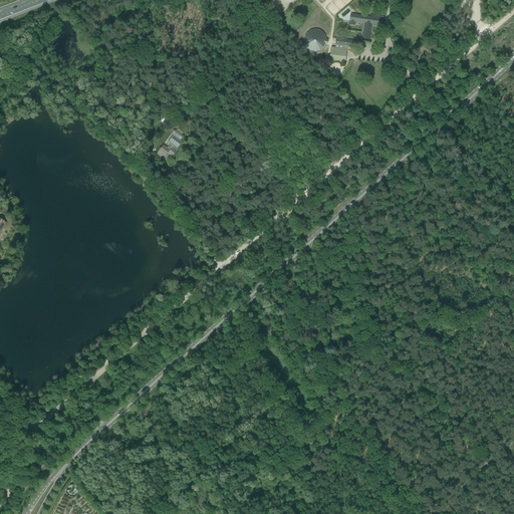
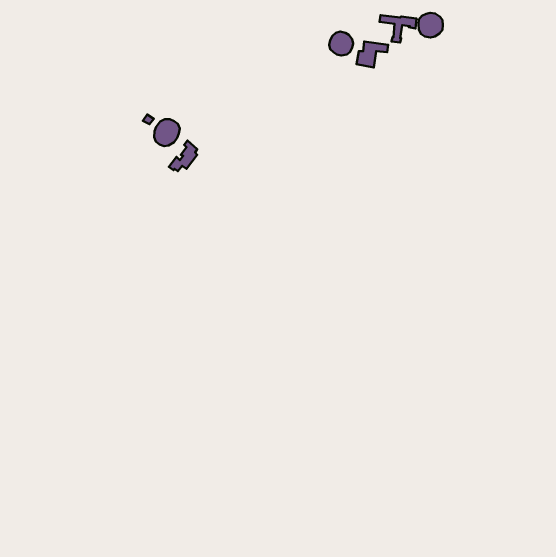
building: none -> [418,13,443,37]
building: none -> [154,119,180,146]

